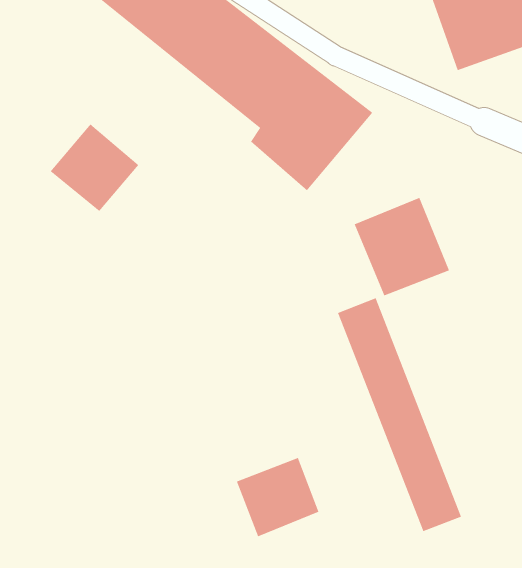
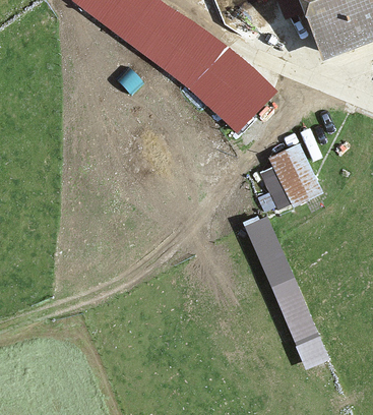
building: [50,124,139,212] -> none
building: [236,457,319,537] -> none

